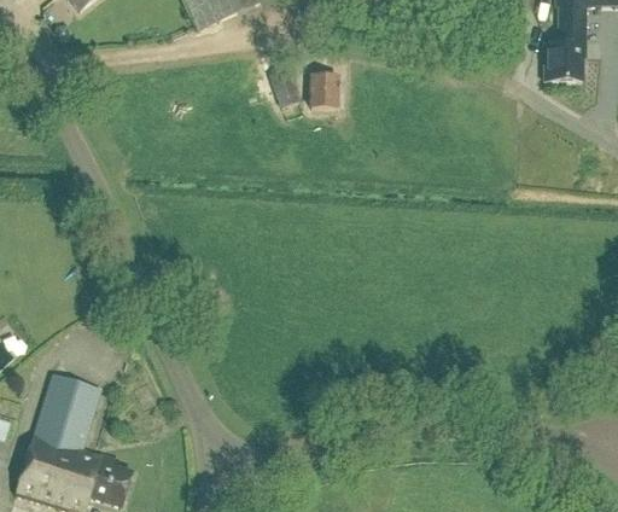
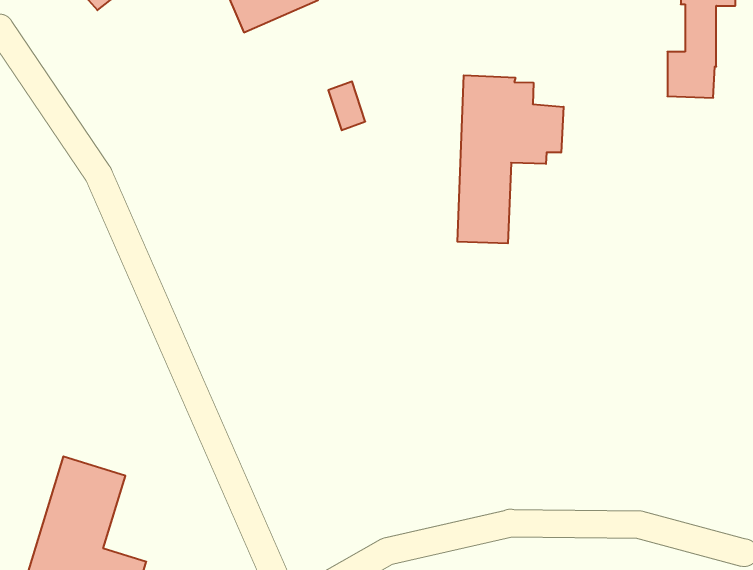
building: none -> [457,75,564,243]
building: [310,76,340,109] -> none

